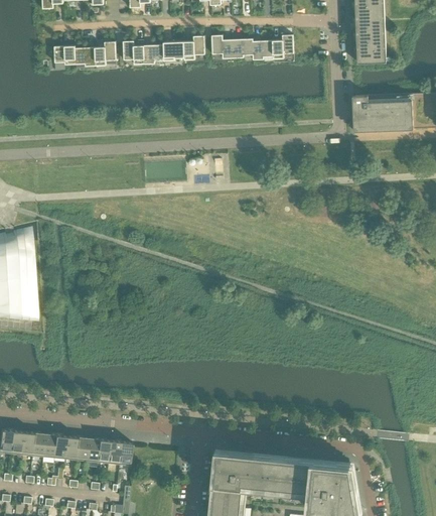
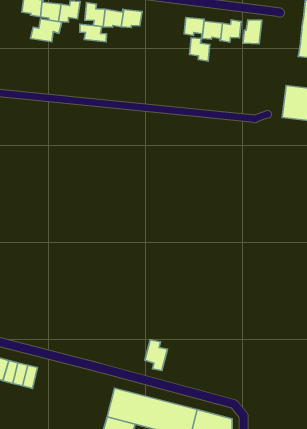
building: none -> [243,20,262,44]
building: [210,34,233,57] -> [189,38,210,61]
building: [183,35,204,59] -> none
building: none -> [80,24,106,42]
building: none -> [30,19,62,42]
building: none -> [145,340,167,371]

